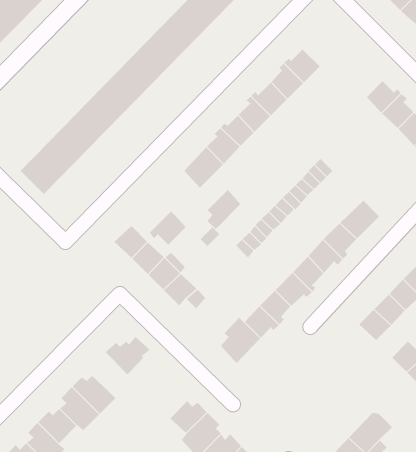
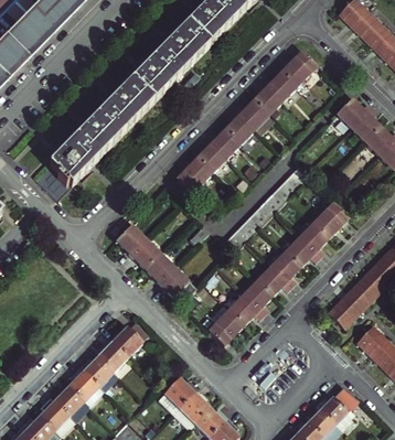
building: none -> [280,51,316,87]
building: [207,189,241,230] -> none
building: [149,210,186,245] -> none
building: none -> [97,335,128,369]

